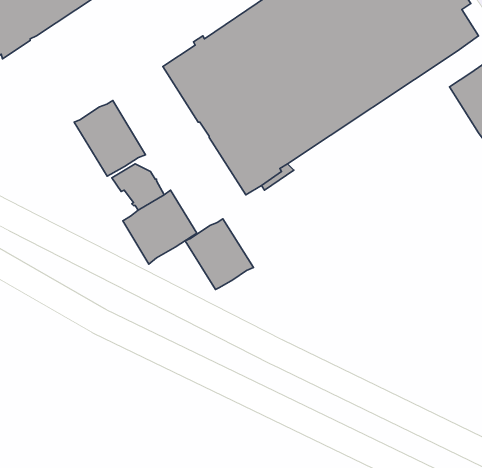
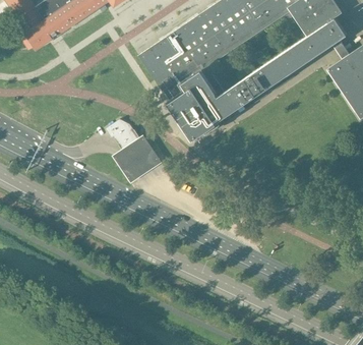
building: [74,100,146,176] -> none
building: [185,219,253,290] -> none

